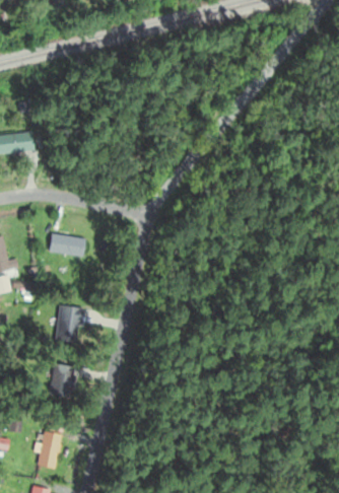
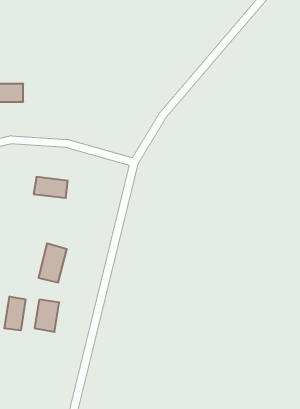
building: none -> [4,296,26,330]
building: [39,432,63,469] -> none

